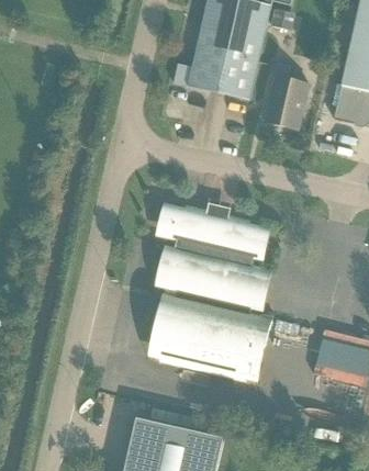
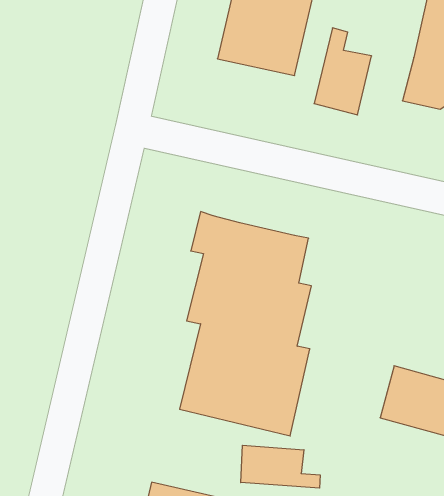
building: none -> [241,445,320,488]

